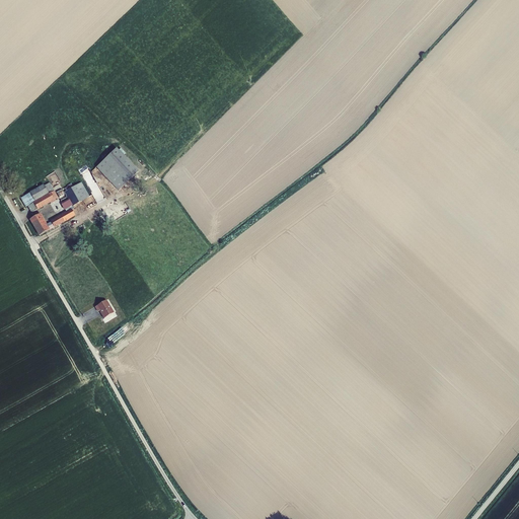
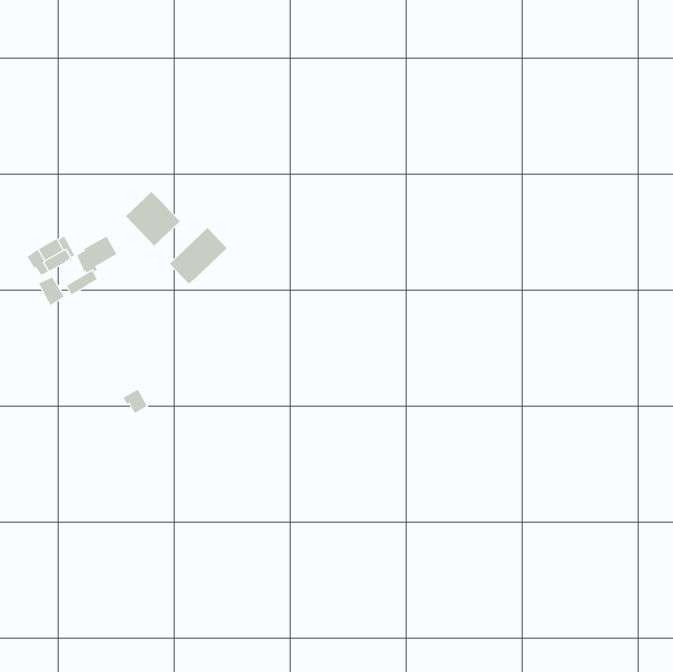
building: none -> [169,227,227,285]

